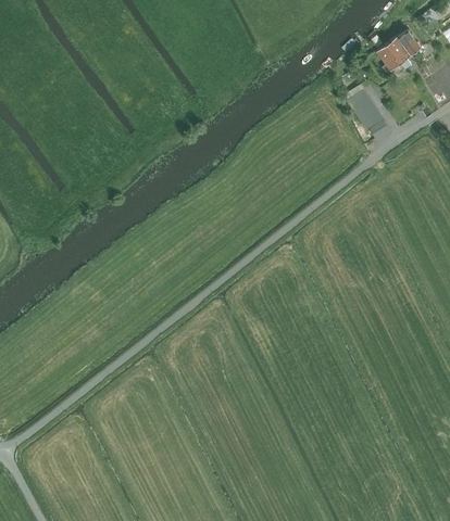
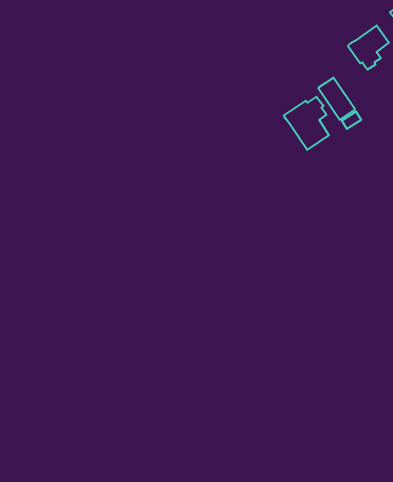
building: none -> [284,97,329,150]

